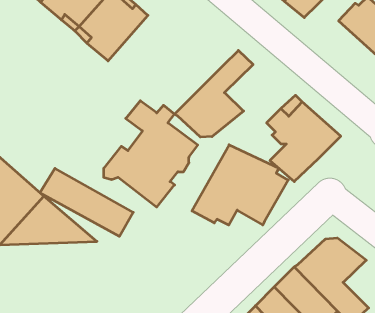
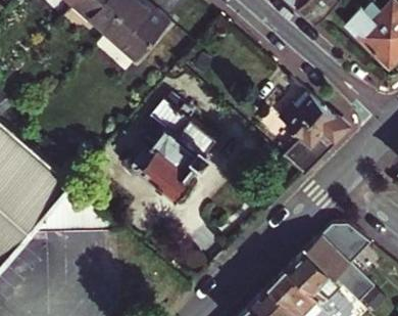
building: [175,50,253,137] -> none
building: [192,145,288,225] -> none
building: [40,168,133,236] -> none

